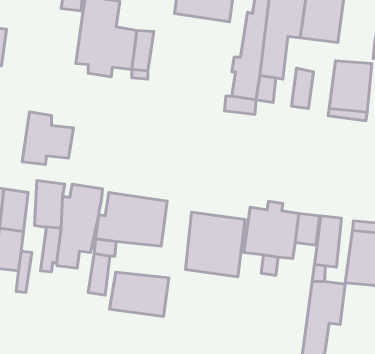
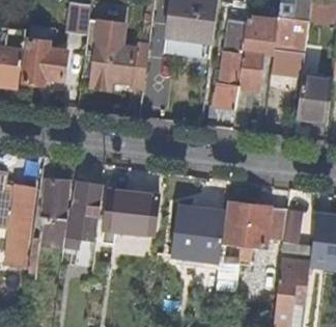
building: [22,112,73,164] -> [21,39,64,84]
building: [110,272,169,316] -> none

